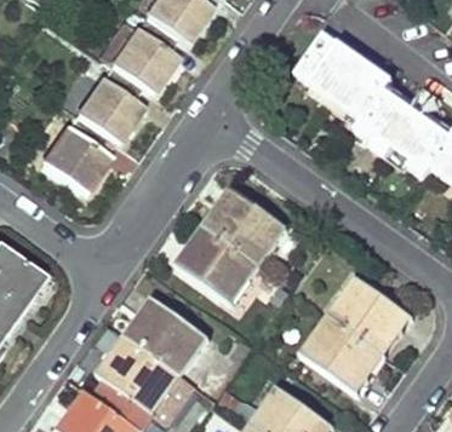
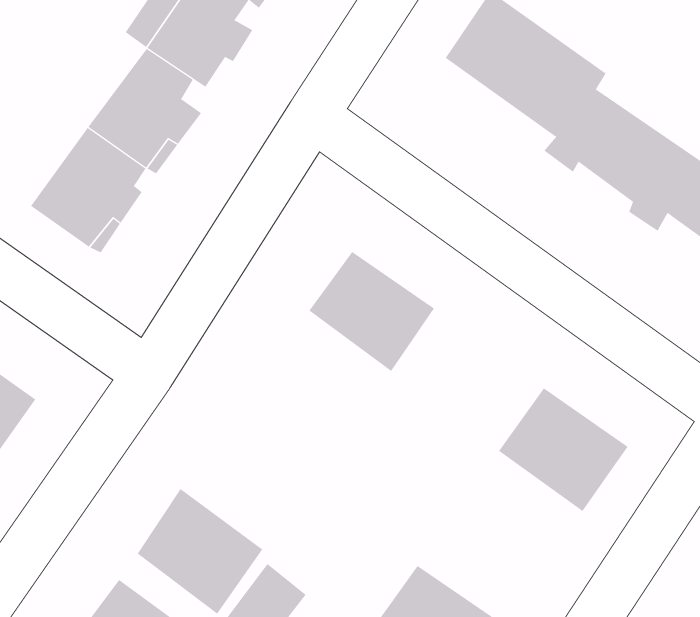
building: [184,229,262,304] -> none
building: [132,301,210,375] -> none
building: [302,315,379,388] -> none

